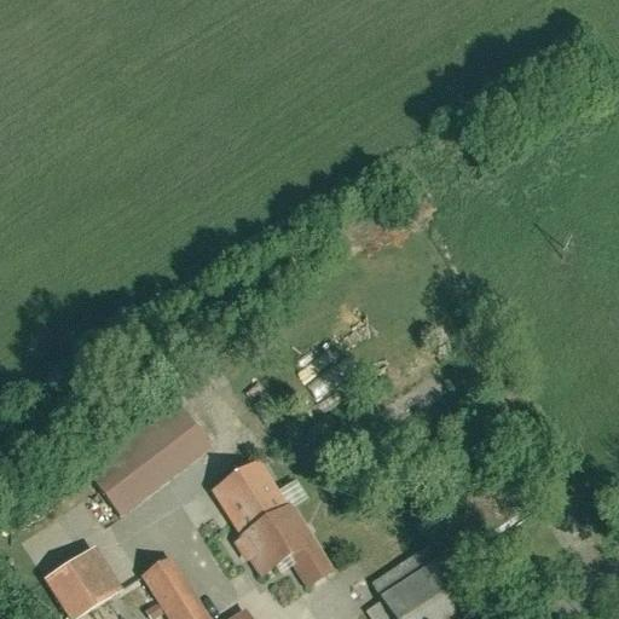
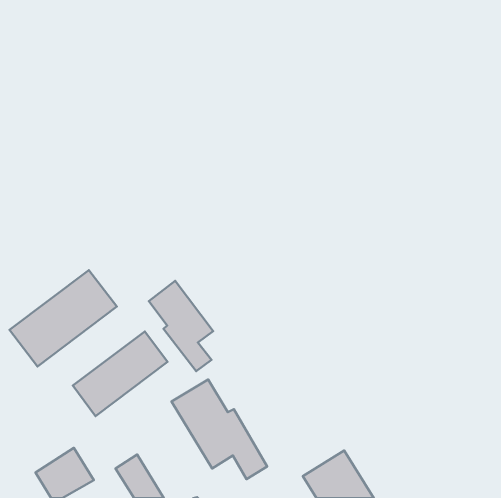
building: none -> [9,270,117,366]
building: none -> [149,281,213,371]

